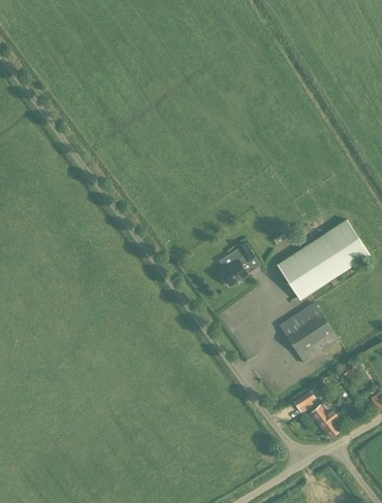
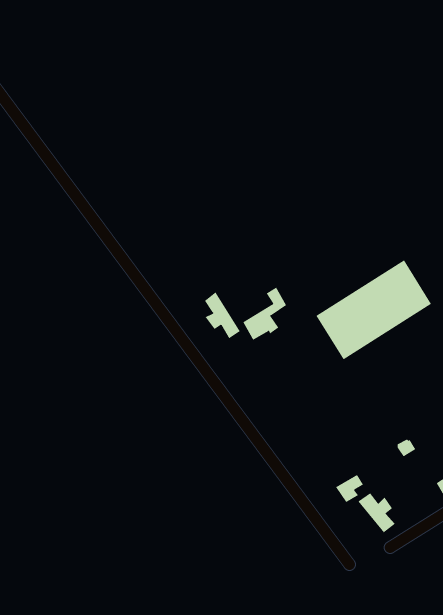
building: none -> [204,291,241,339]
building: [278,300,339,363] -> none

